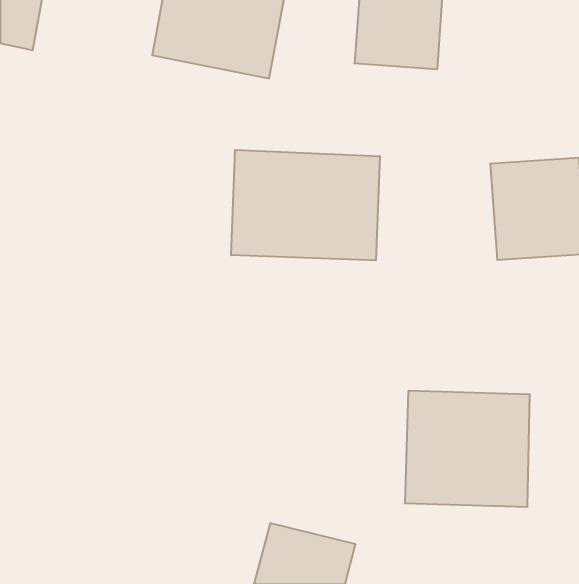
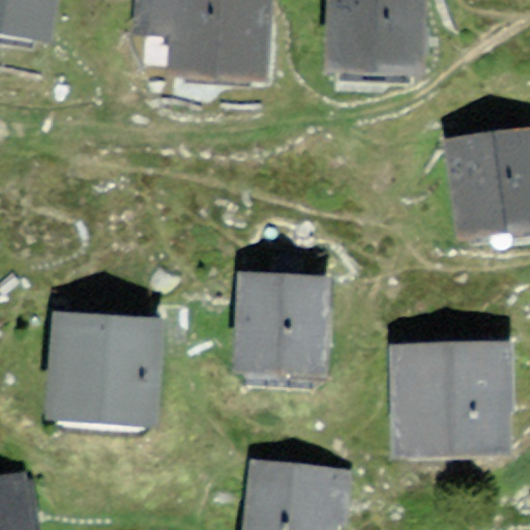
building: [231,150,380,260] -> none
building: none -> [229,284,314,364]
building: none -> [43,314,147,425]

